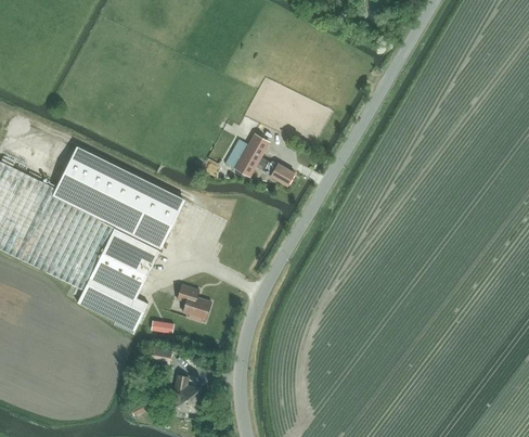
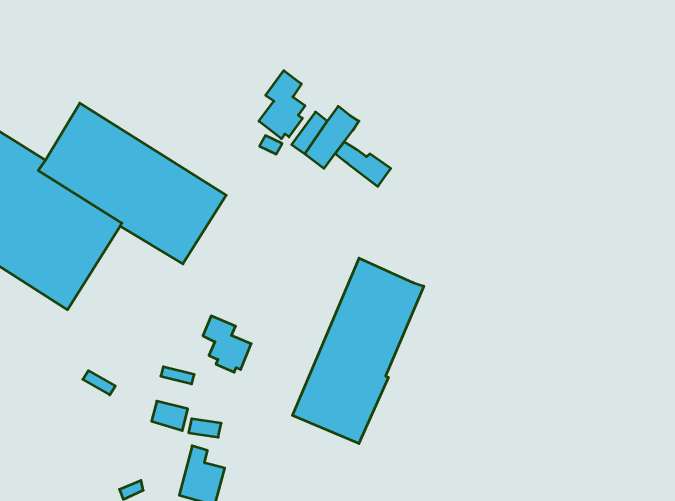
building: none -> [259,71,305,139]
building: [75,228,157,331] -> none
building: none -> [292,258,424,444]

